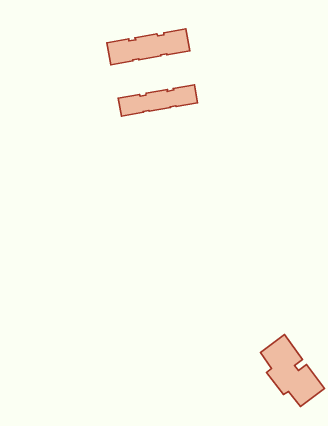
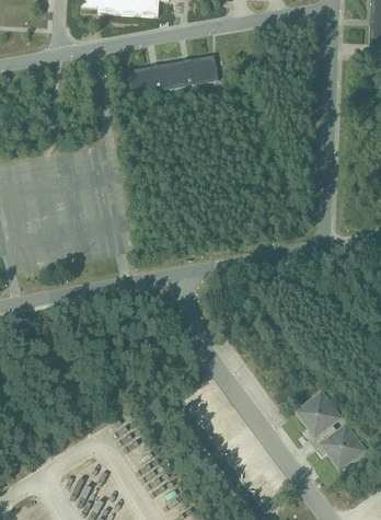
building: [118,85,198,116] -> none

